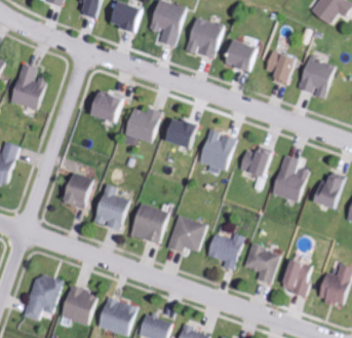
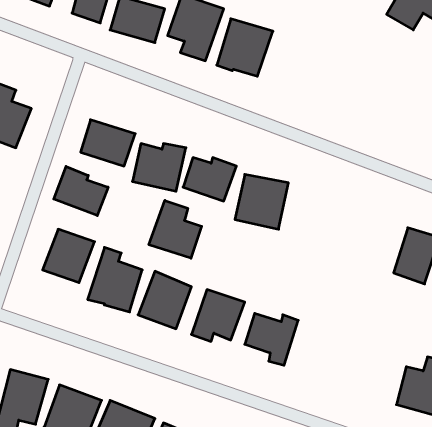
building: [221,38,260,73] -> none
building: [267,54,295,83] -> none
building: [298,57,336,100] -> none
building: none -> [54,166,108,216]
building: [239,146,275,179] -> none
building: none -> [149,200,202,258]
building: [273,156,307,201] -> none
building: [245,246,280,284] -> none
building: [280,259,314,296] -> none

